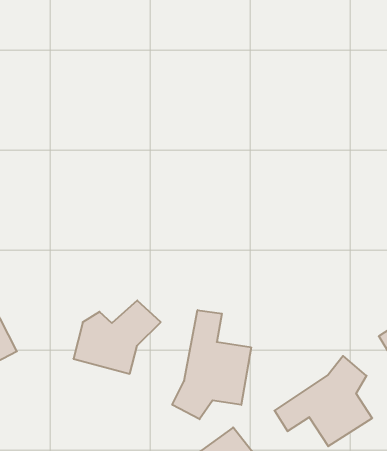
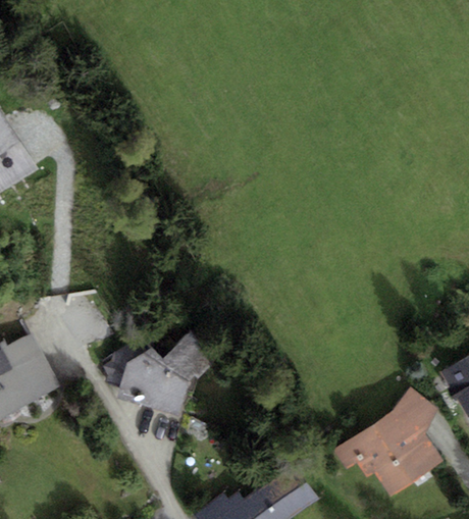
building: [172,310,251,419] -> none

